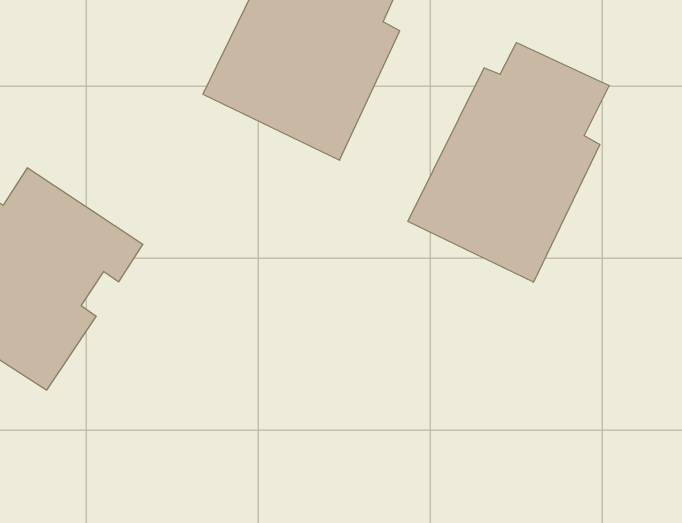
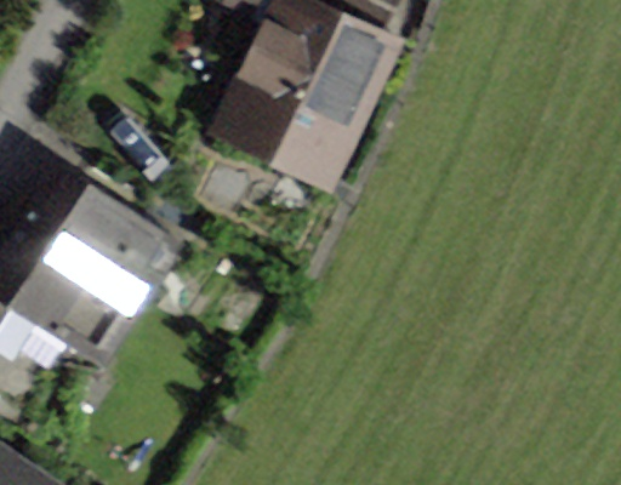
building: [408,43,609,282] -> none

